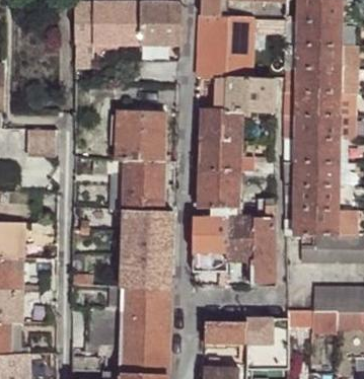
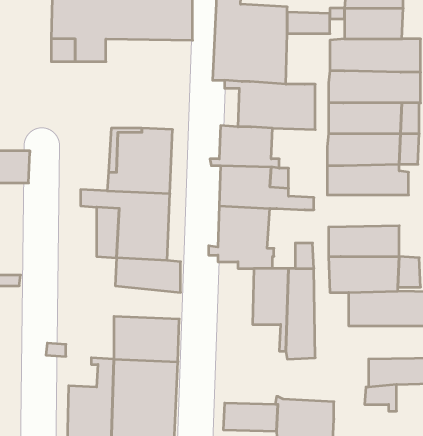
building: [284,163,340,187] -> none
building: [194,219,228,287] -> none
building: [122,232,172,257] -> none

